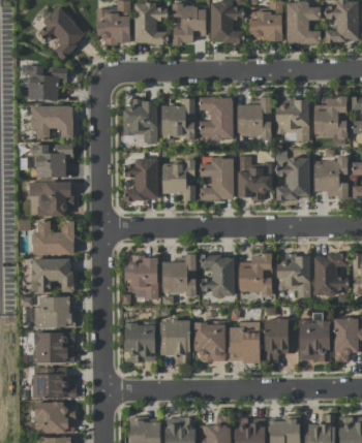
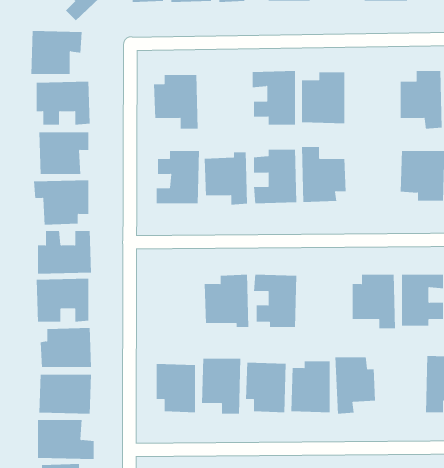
building: [160,98,194,137] -> none
building: [275,98,309,140] -> none
building: [276,158,309,199] -> none
building: [238,254,272,293] -> none
building: [125,256,158,298] -> none
building: [299,322,330,361] -> none

